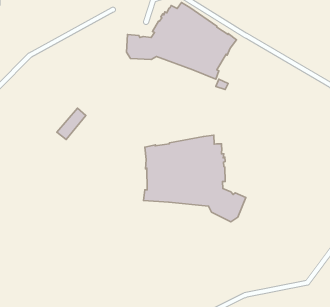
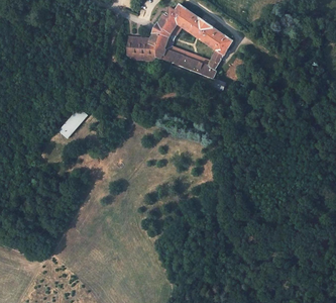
building: [143,135,246,222] -> none

